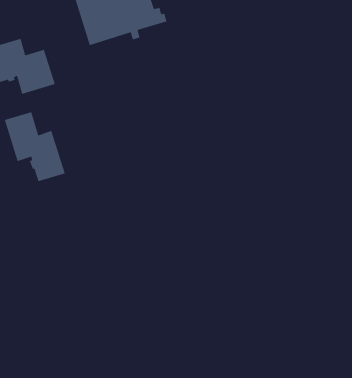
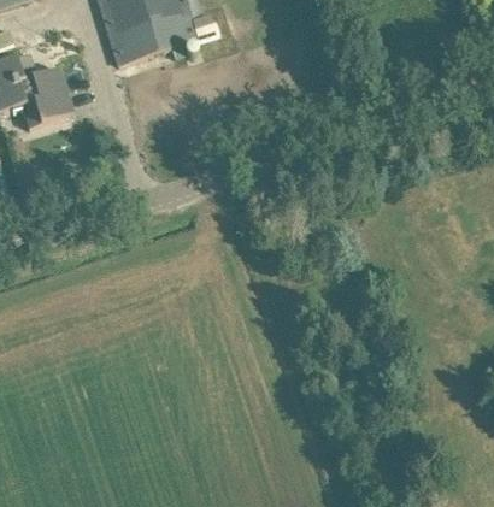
building: [4,111,66,182] -> none

